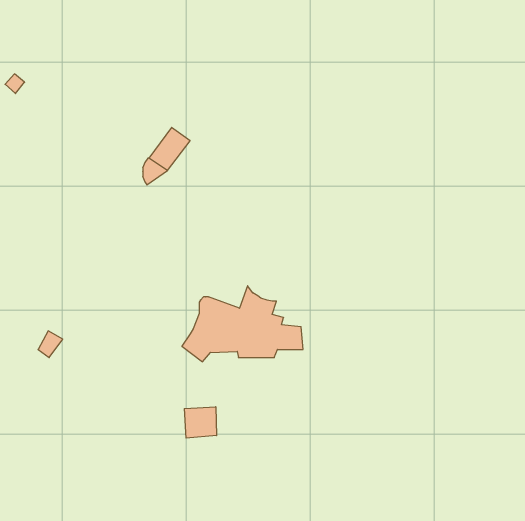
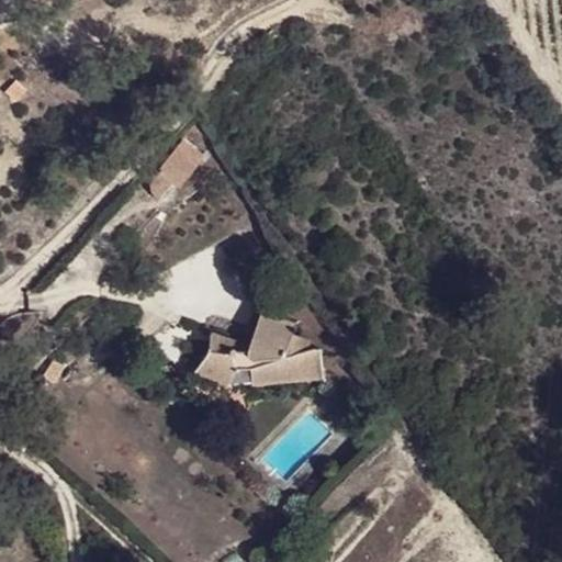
building: [184,407,217,438] -> none

